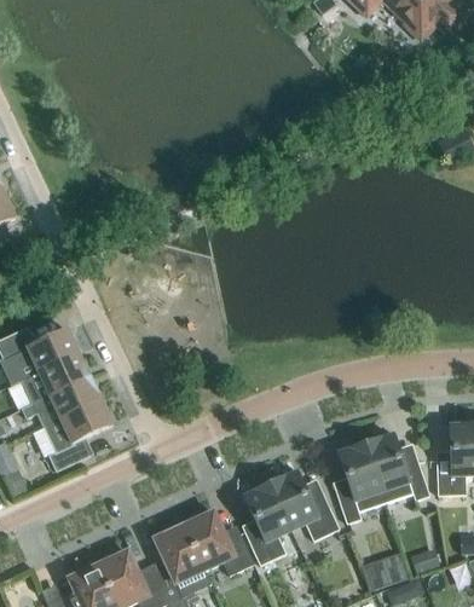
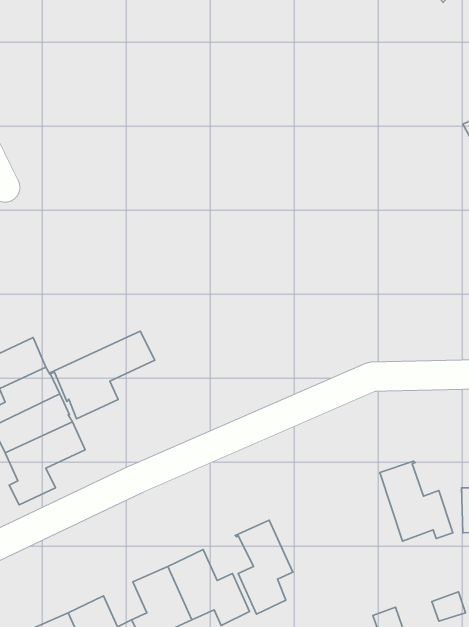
building: none -> [50,331,155,419]
building: [335,443,386,522] -> none
building: [271,470,339,539] -> none

